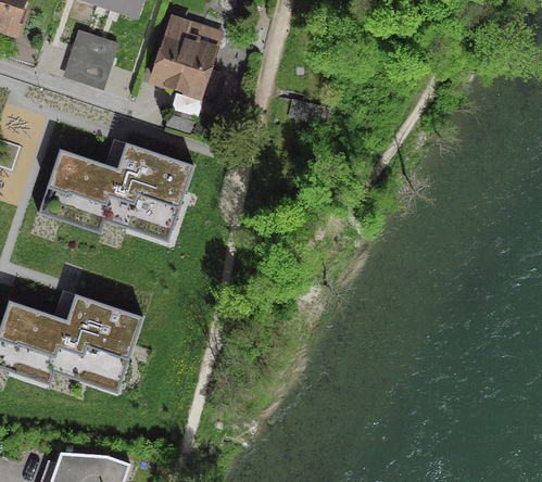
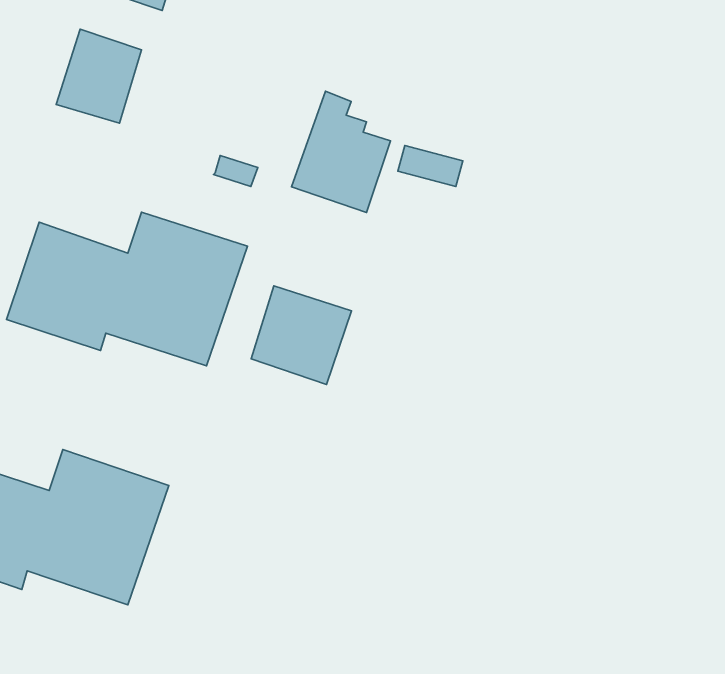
building: [149,18,212,96] -> [291,91,391,212]
building: none -> [251,286,352,384]

